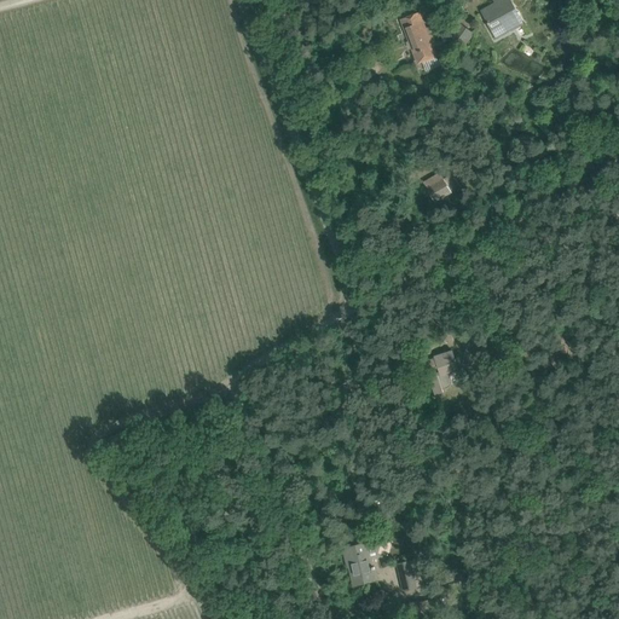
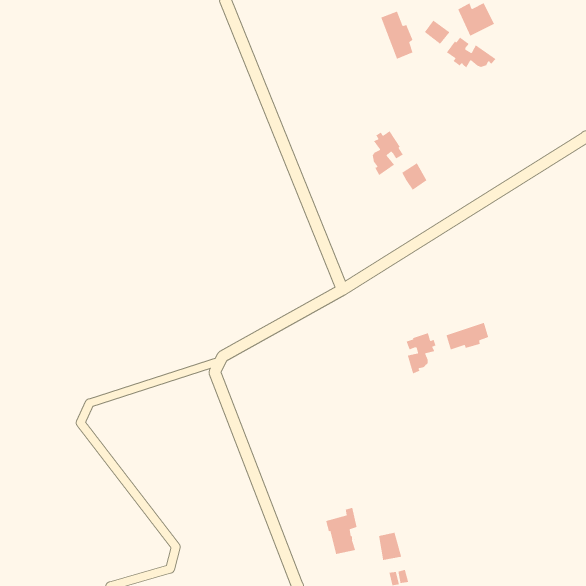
building: none -> [446,36,496,68]
building: none -> [372,130,404,176]
building: none -> [445,322,489,350]

